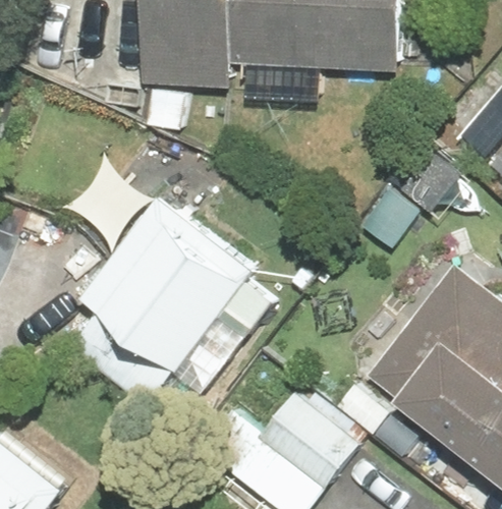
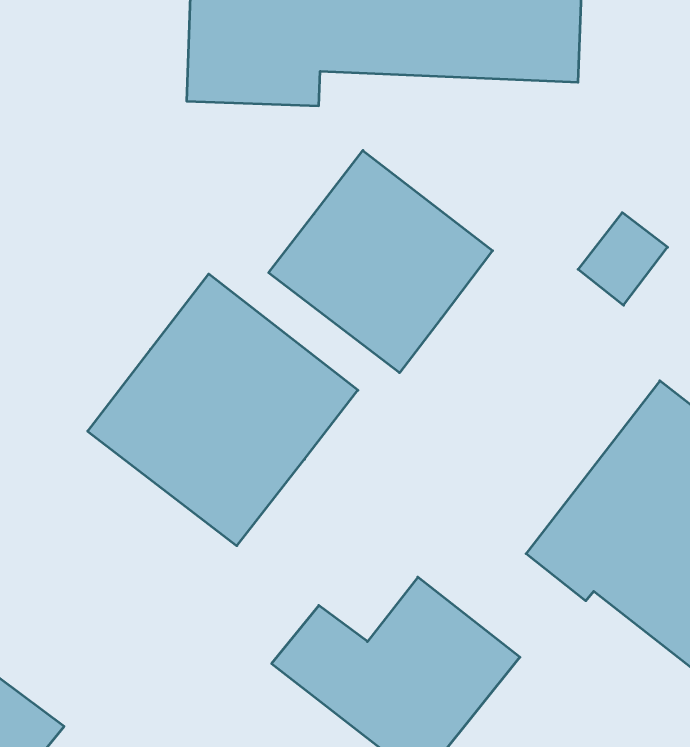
building: none -> [269,150,493,373]

